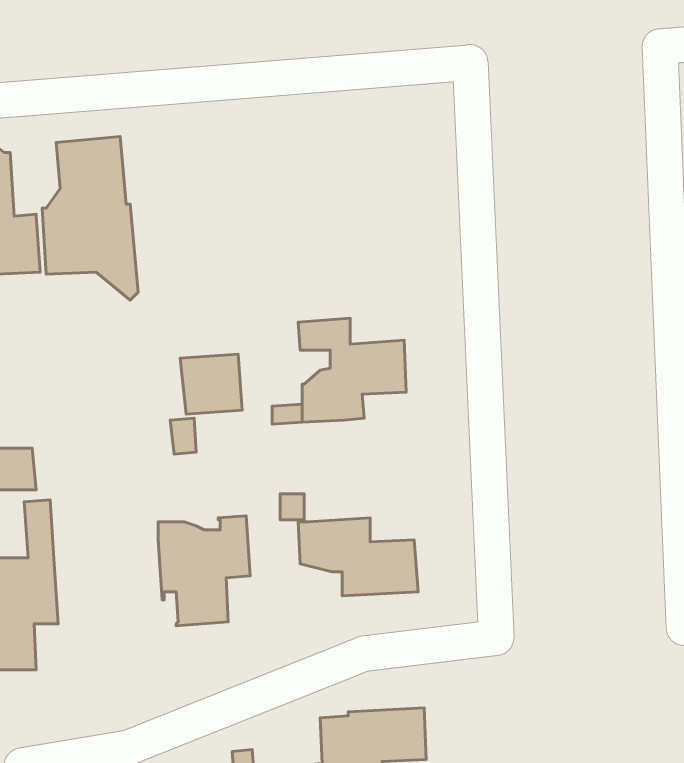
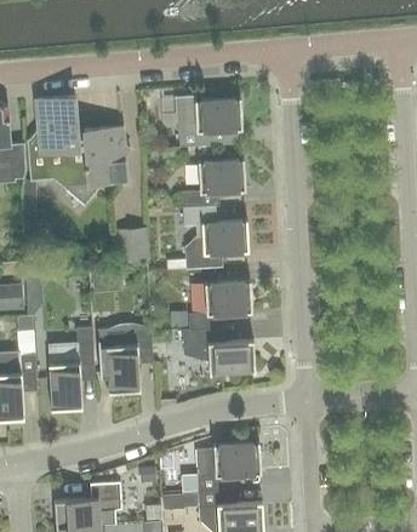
building: none -> [176,96,241,148]
building: none -> [80,127,128,201]
building: none -> [181,159,245,208]
building: none -> [188,281,251,330]
building: none -> [46,328,95,410]

